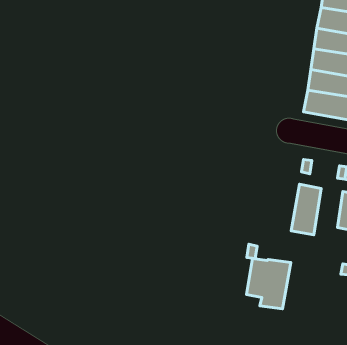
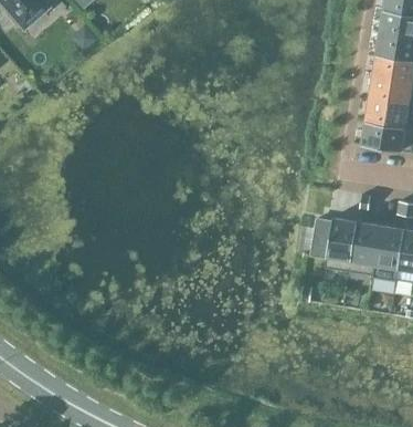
building: none -> [371,227,402,277]
building: [246,258,291,309] -> [308,218,356,272]

